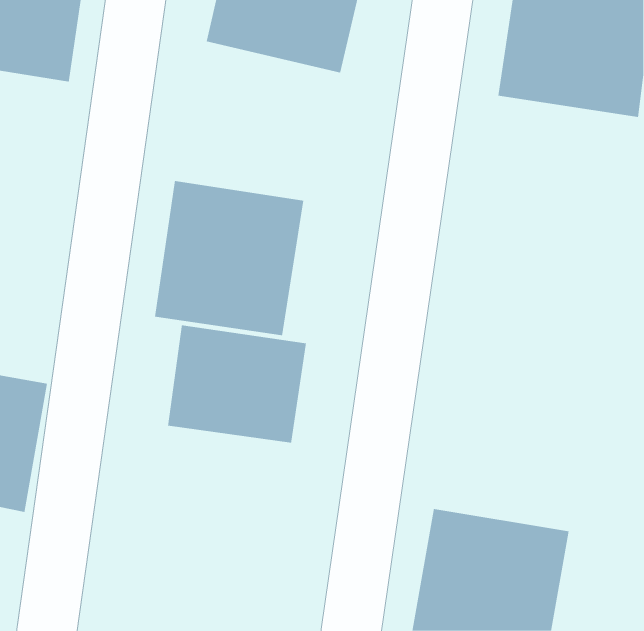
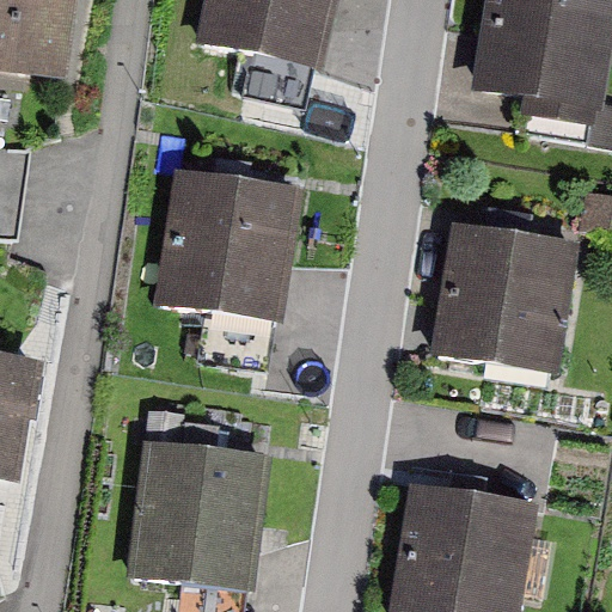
building: none -> [432,221,581,375]
building: [167,325,306,443] -> none
building: none -> [127,439,273,592]

